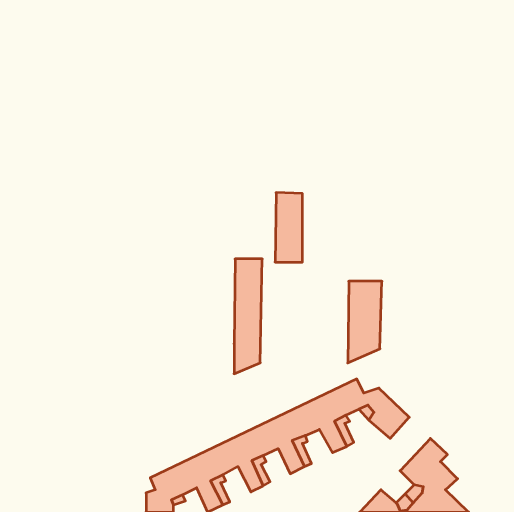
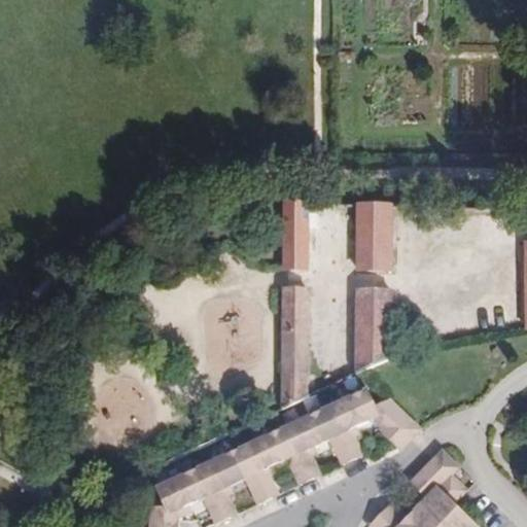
building: none -> [357,200,389,268]
building: [234,259,262,374] -> [280,285,309,402]

